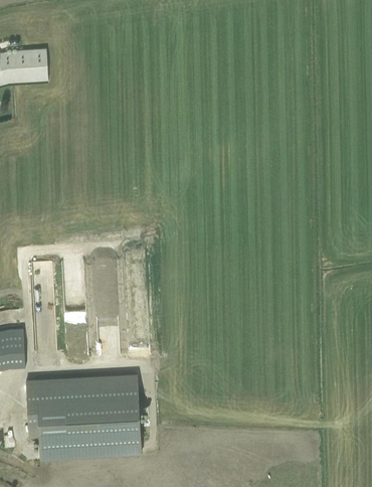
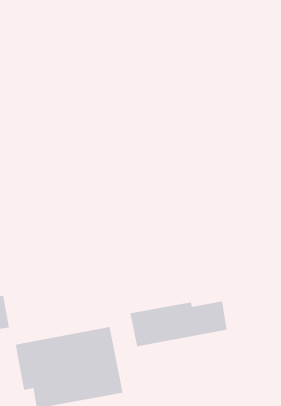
building: none -> [130,301,228,347]

